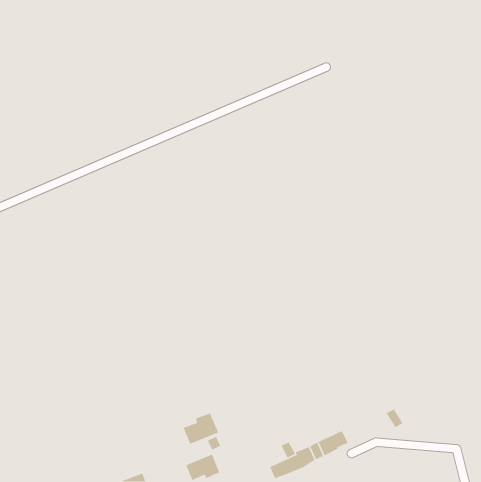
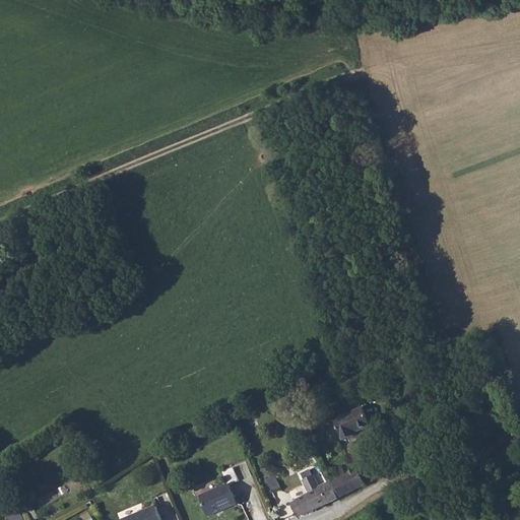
building: none -> [333,401,370,436]
building: [183,413,219,445] -> none

